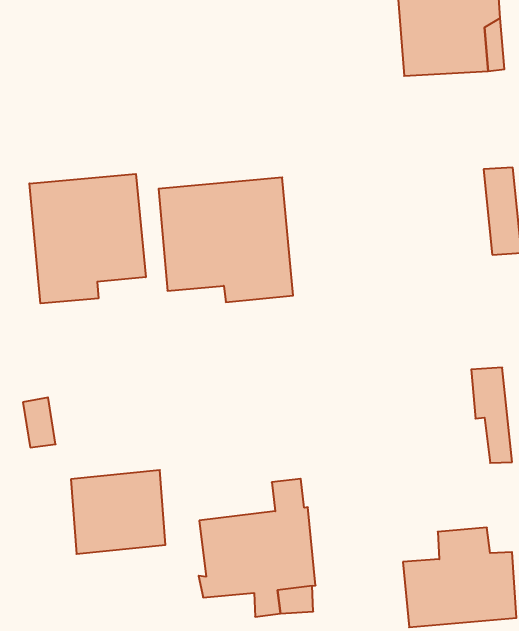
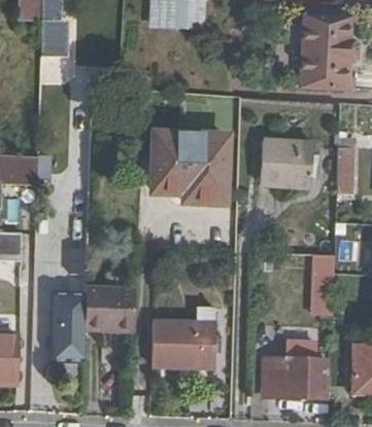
building: none -> [261,138,313,185]
building: [29,174,146,303] -> none
building: none -> [50,276,87,363]

